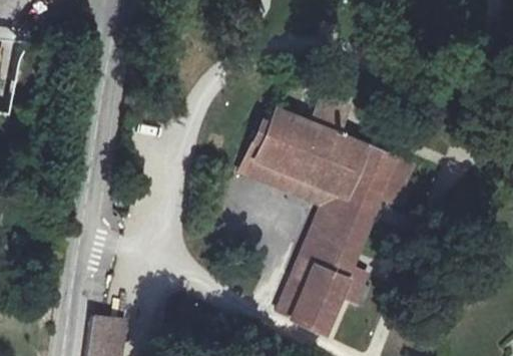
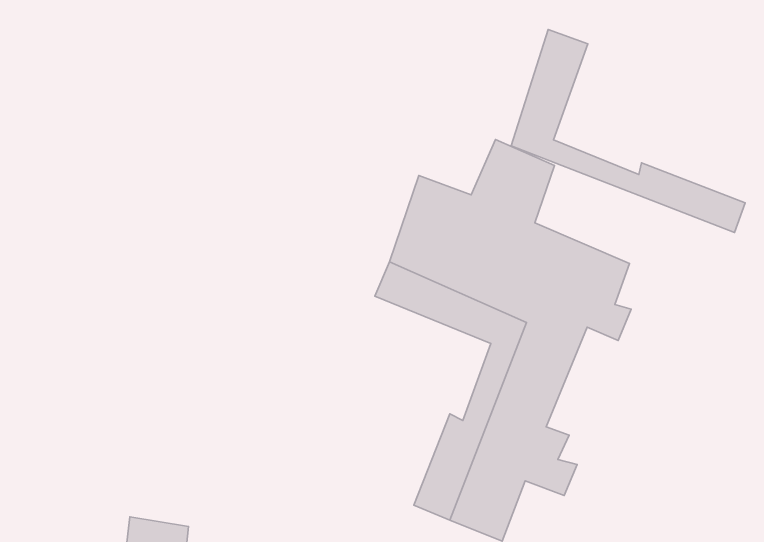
building: none -> [511,30,745,233]

